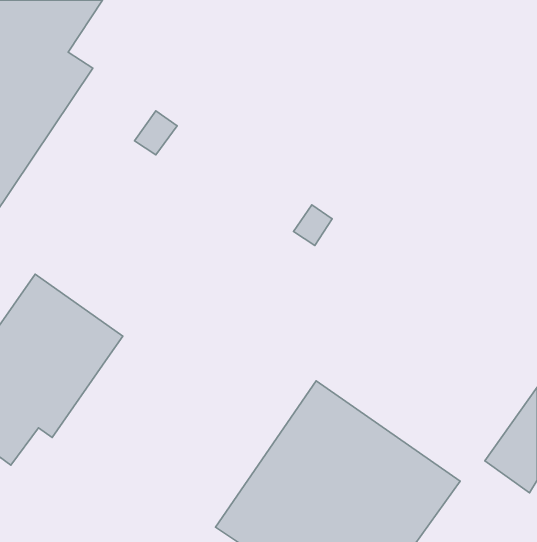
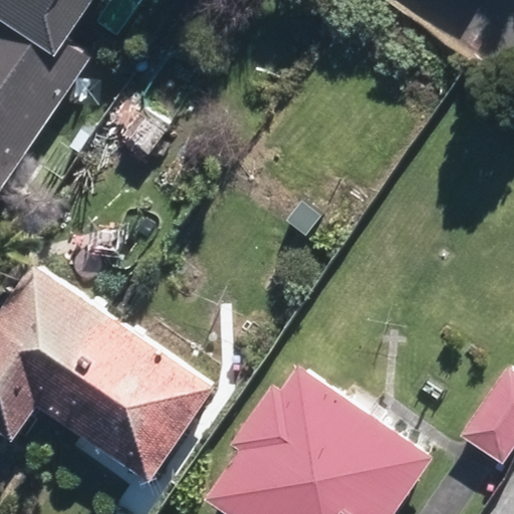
building: none -> [49,319,211,482]

